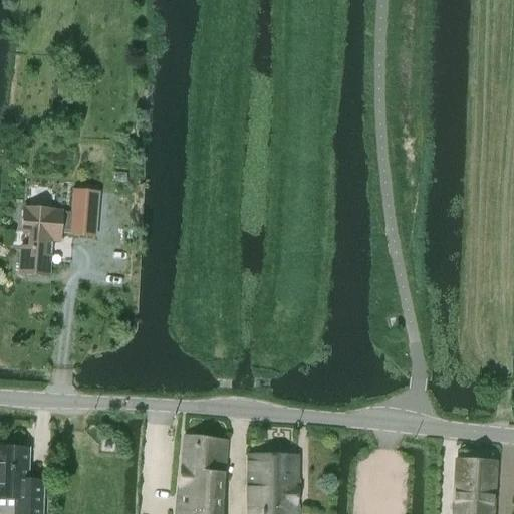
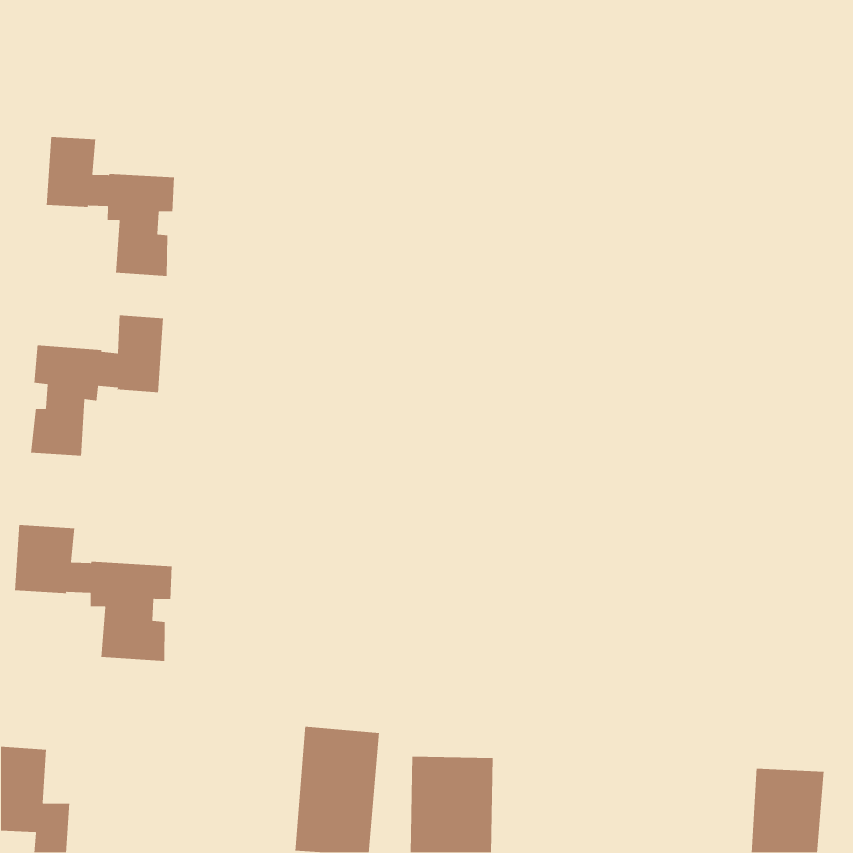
building: none -> [46,136,175,277]
building: none -> [14,524,172,662]

